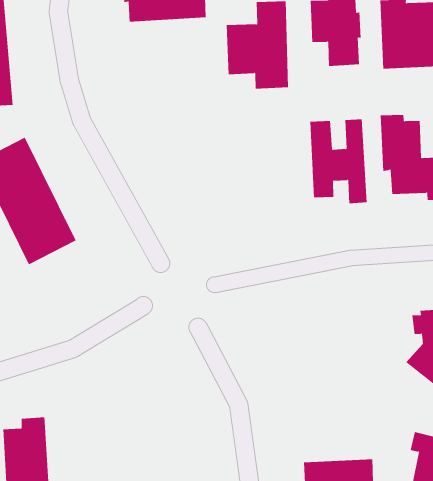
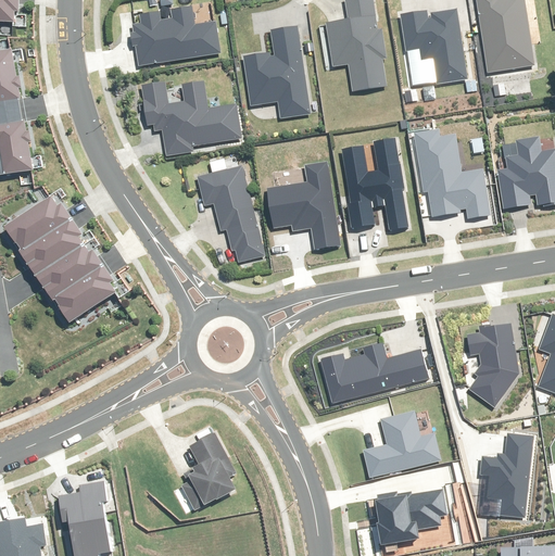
building: none -> [143,80,243,155]
building: none -> [199,164,267,264]
building: none -> [266,161,341,249]
building: none -> [318,344,430,400]
building: none -> [178,432,239,514]
building: none -> [362,413,441,476]

